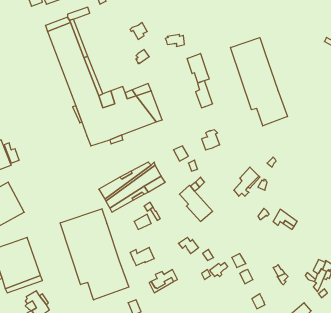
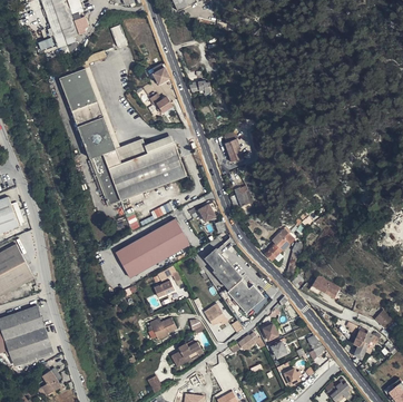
building: [231,38,287,126] -> none
building: [187,53,209,83] -> none
building: [60,209,129,300] -> none
building: none -> [227,278,264,312]

